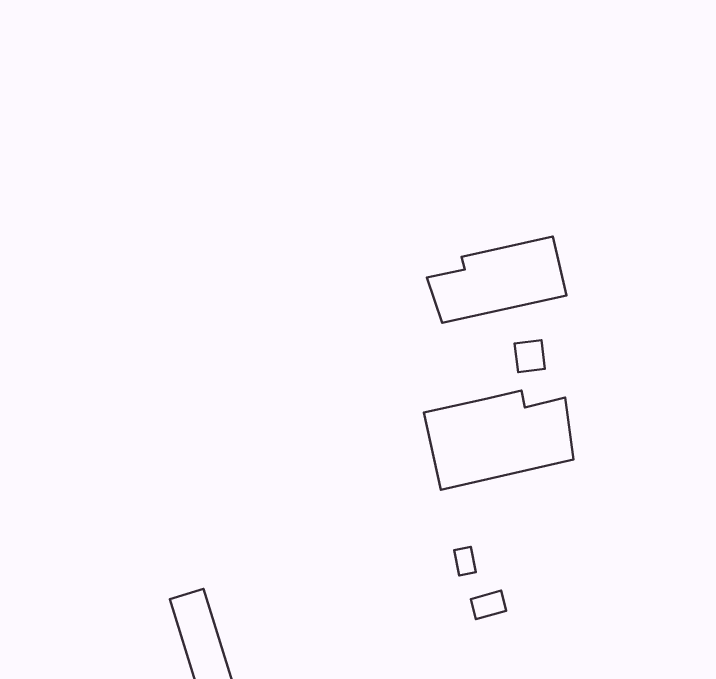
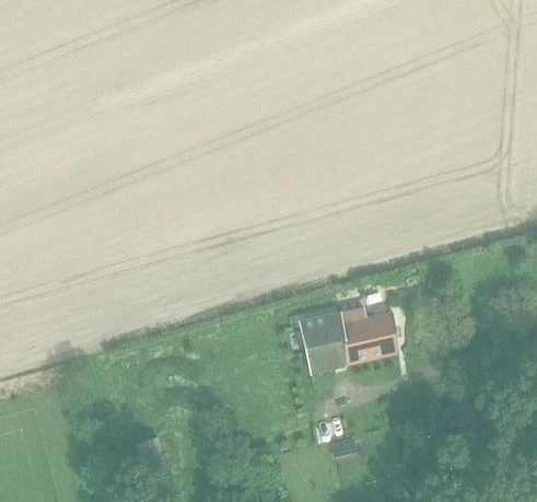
building: [427,237,567,323] -> none

